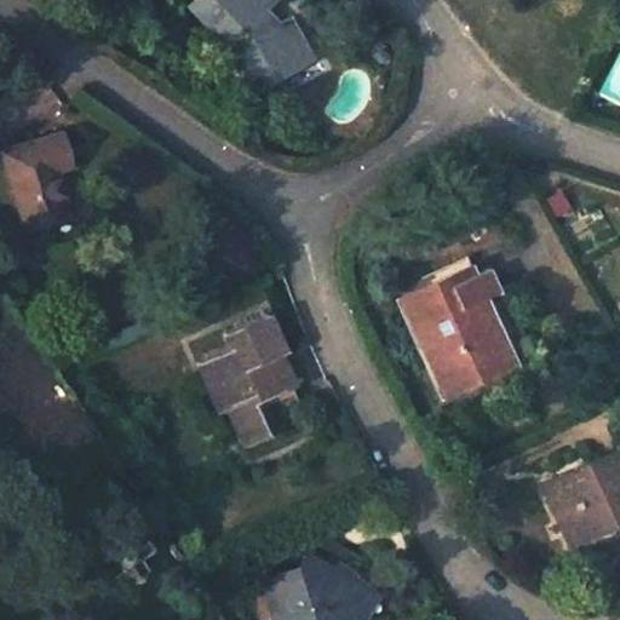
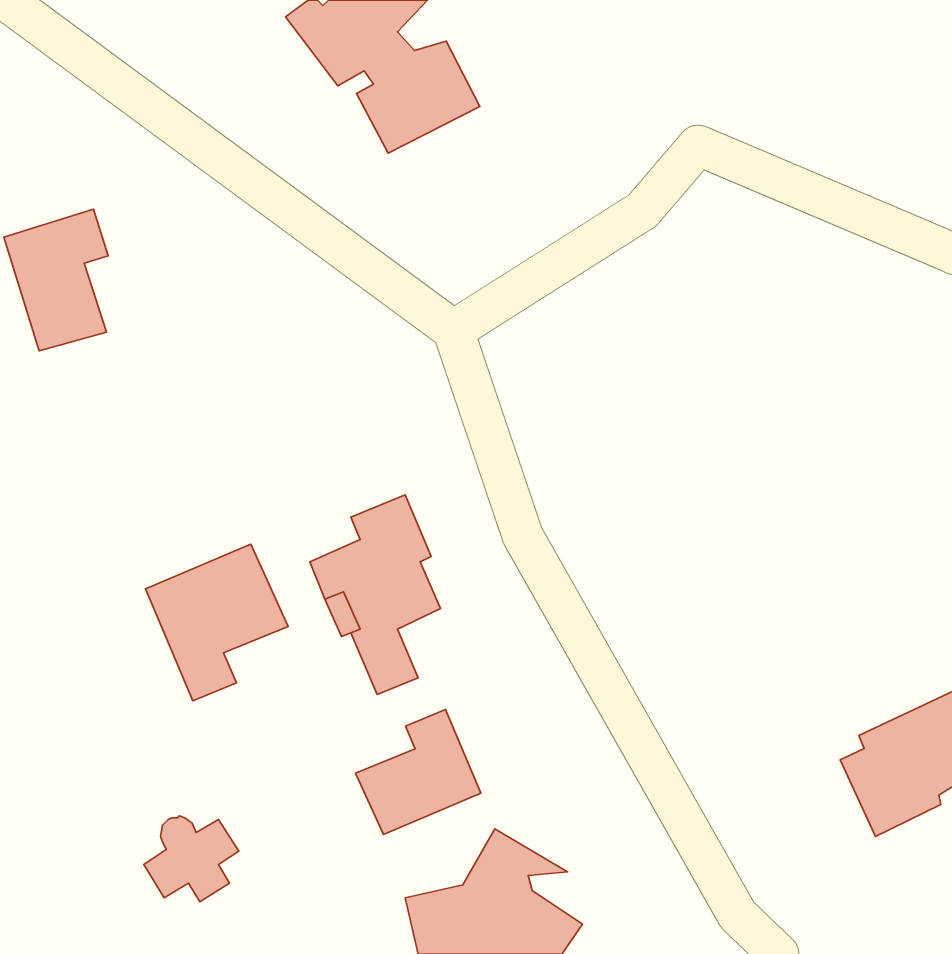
building: [401,254,532,394] -> none
building: none -> [146,544,288,701]
building: none -> [355,710,481,834]

